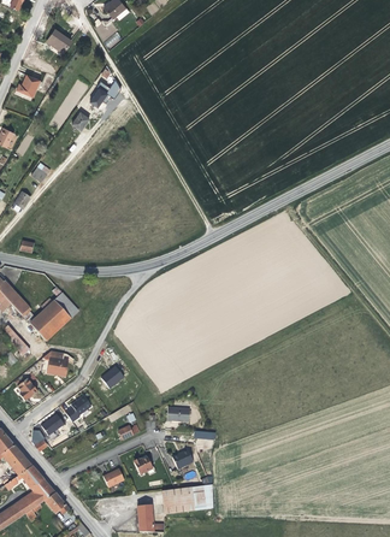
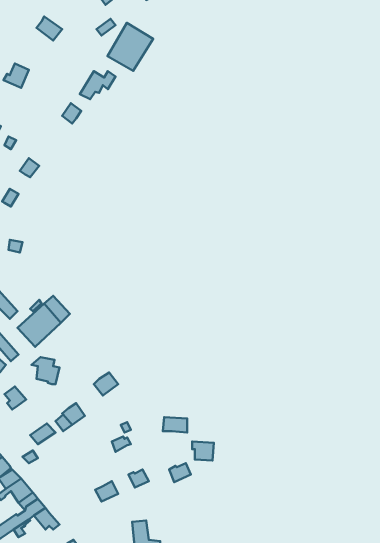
building: none -> [107,23,153,71]
building: [161,484,209,513] -> none

